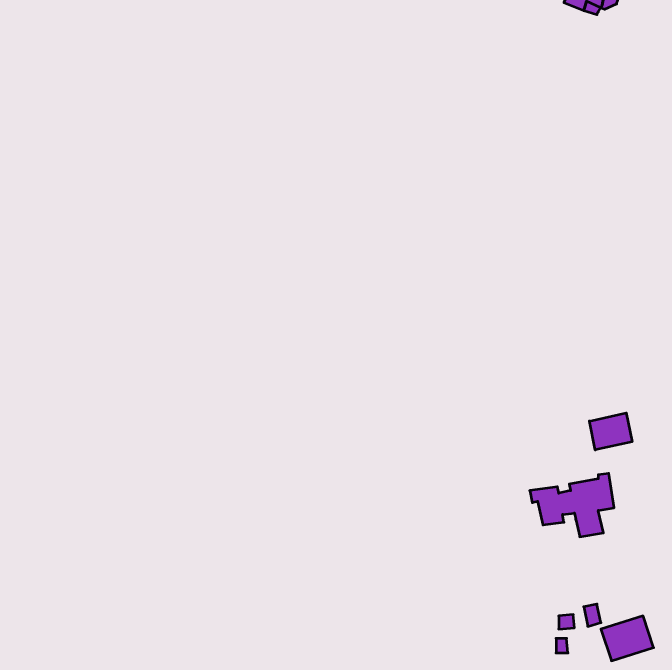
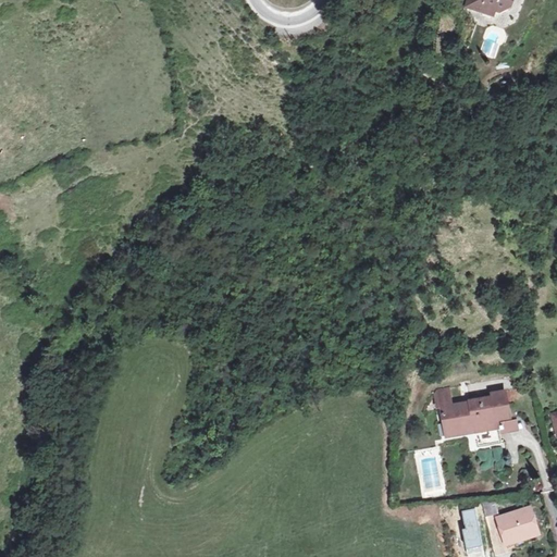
building: [589,413,632,450] -> none

